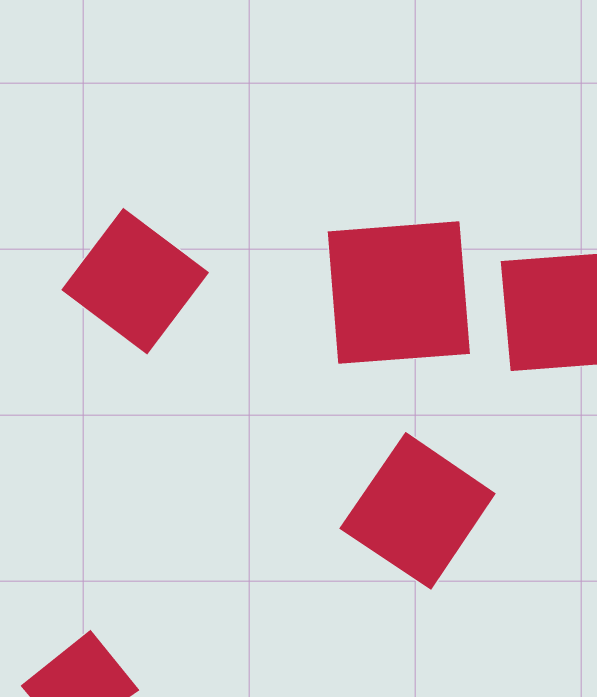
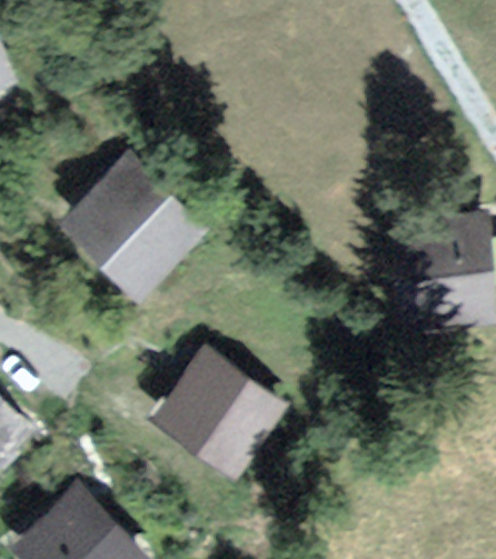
building: [327,221,470,365] -> none
building: [338,431,497,591] -> [158,352,279,475]

